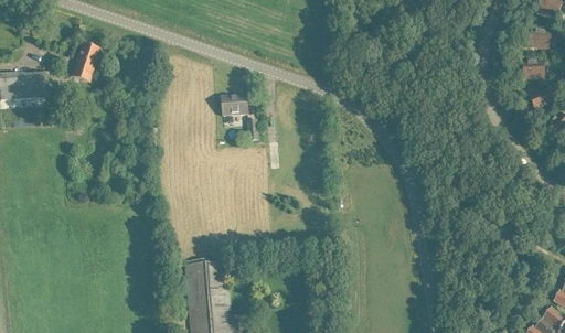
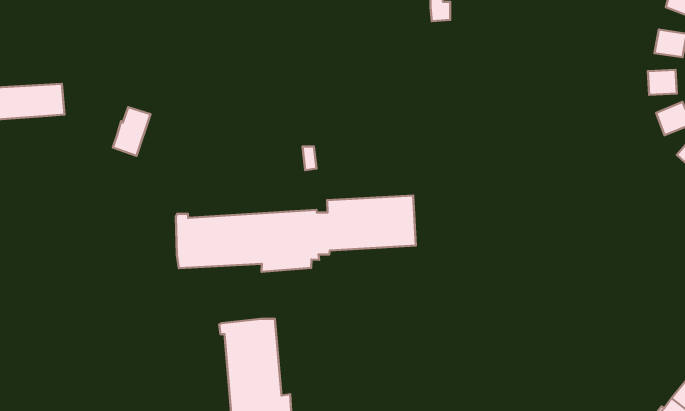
building: [71,42,100,80] -> [113,107,151,156]
building: [221,93,246,114] -> none
building: none -> [176,195,416,272]

